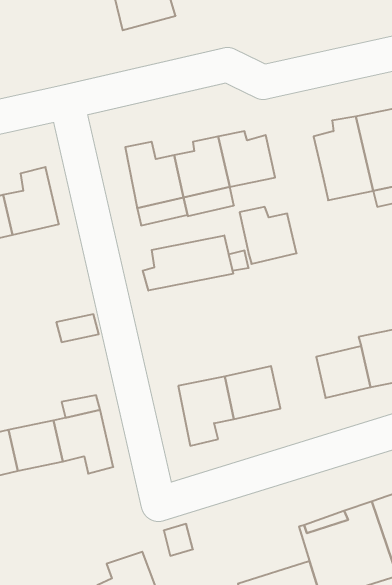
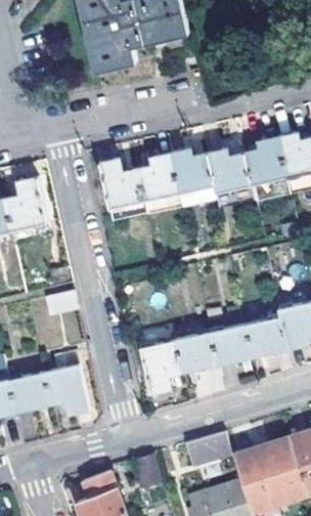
building: [240,207,297,264] -> [207,148,251,192]
building: [143,235,233,291] -> none
building: none -> [211,324,253,363]
building: none -> [186,429,232,464]

